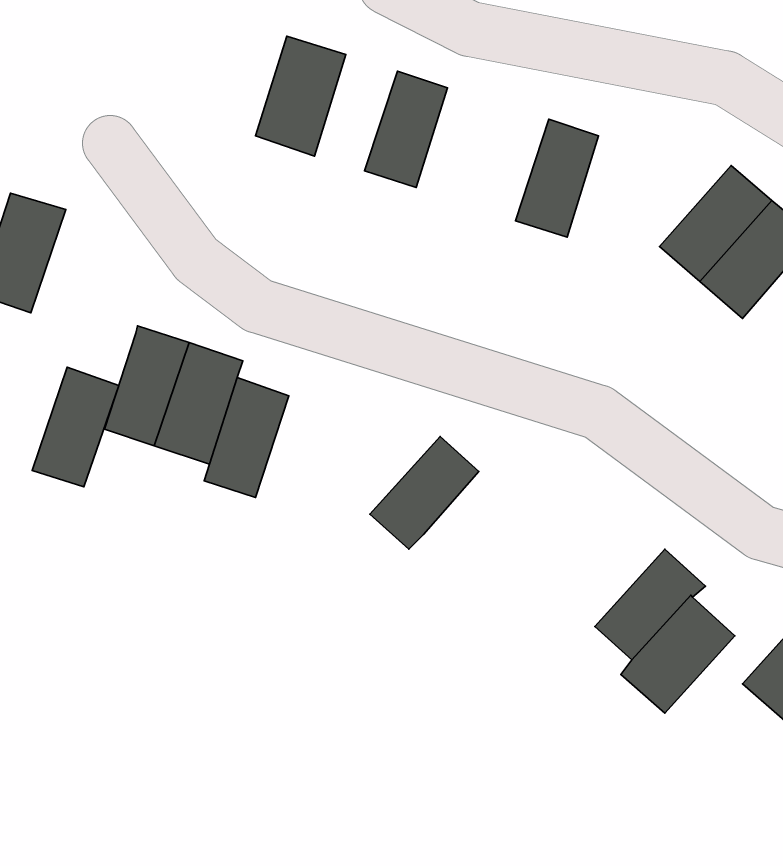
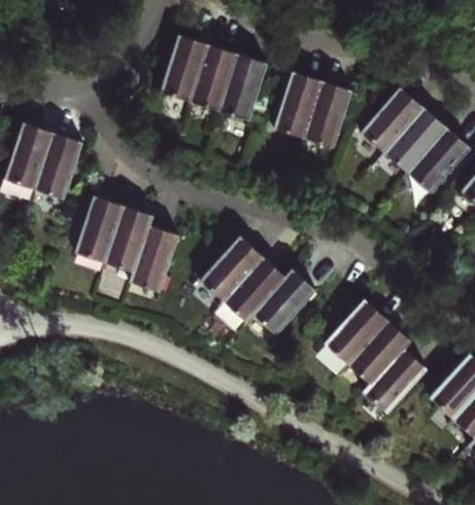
building: none -> [193,46,239,111]
building: none -> [274,73,324,139]
building: none -> [361,86,426,153]
building: [32,367,119,487] -> [34,133,82,200]
building: none -> [199,238,263,302]
building: none -> [253,270,316,335]
building: none -> [326,300,388,365]

